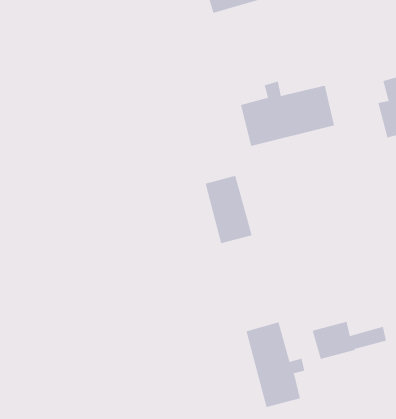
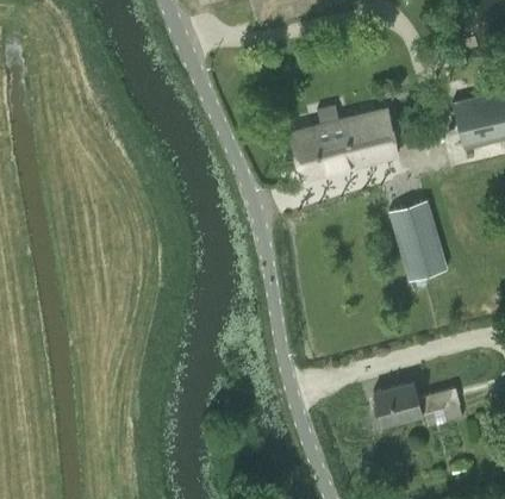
building: [205,175,253,244] -> [391,200,445,279]
building: [246,322,305,408] -> none

